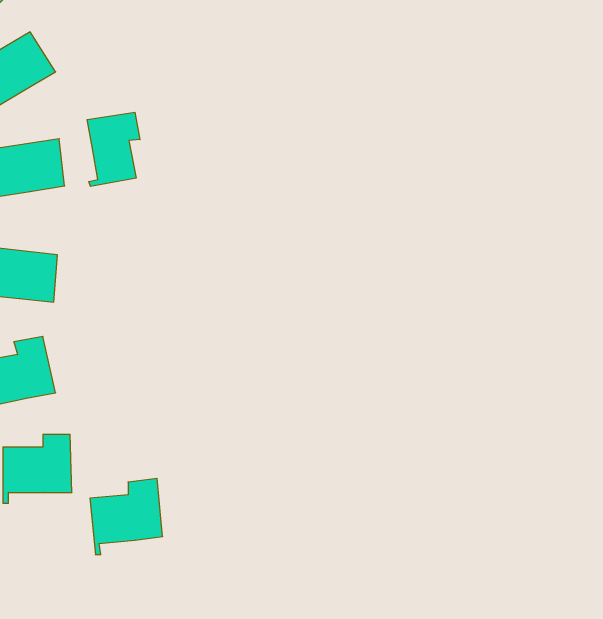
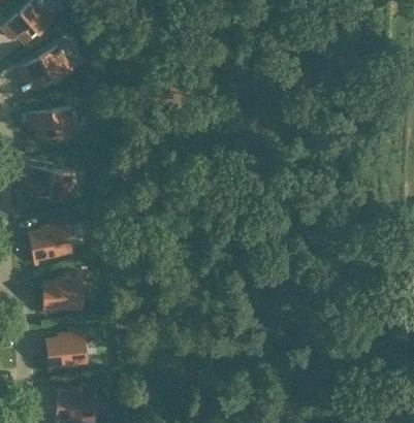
building: [87,112,140,186] -> none
building: [90,478,163,555] -> [45,330,87,373]

